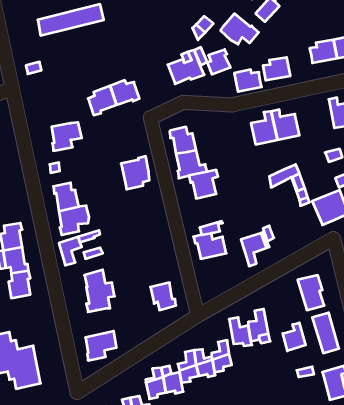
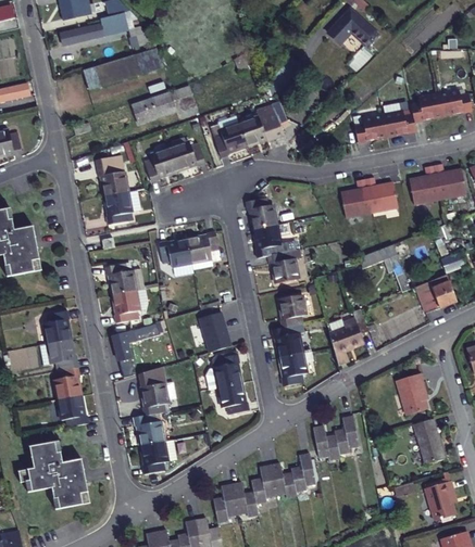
building: [221,14,259,44] -> none
building: none -> [135,86,196,124]
building: [207,49,230,74] -> none
building: none -> [211,124,250,158]
building: [234,70,262,92] -> [383,111,415,137]
building: none -> [95,156,126,198]
building: none -> [409,165,439,204]
building: none -> [158,241,191,268]
building: none -> [278,292,305,316]
building: none -> [197,311,232,352]
building: none -> [280,347,314,384]
building: none -> [208,354,243,390]
building: none -> [55,396,85,427]
building: none -> [136,415,168,447]
building: [283,323,306,351] -> none

